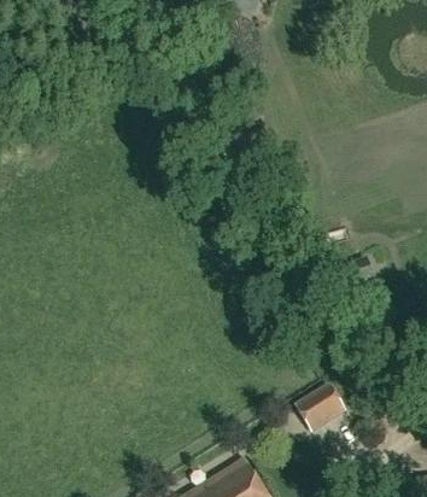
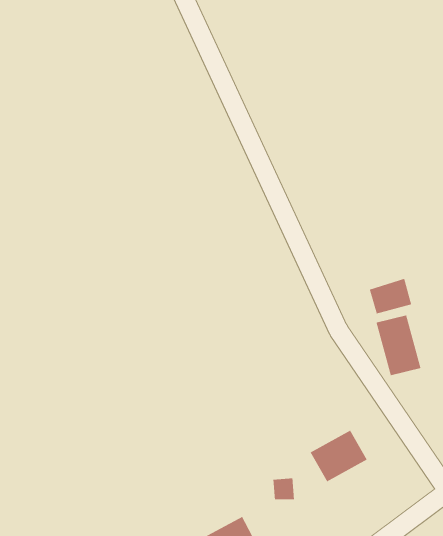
building: none -> [376,314,421,376]

